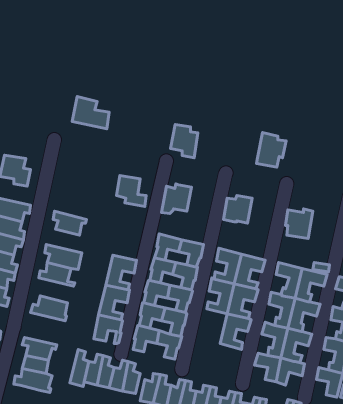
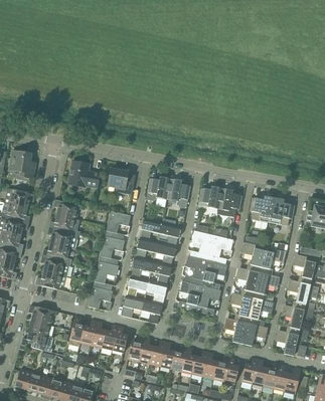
building: [72,97,109,129] -> [68,161,100,188]
building: [170,125,198,158] -> [167,179,190,207]
building: [256,133,286,167] -> [217,188,242,217]
building: none -> [270,199,294,225]
building: none -> [105,211,131,240]
building: none -> [48,214,80,235]
building: none -> [40,255,71,276]
building: none -> [178,280,201,311]

